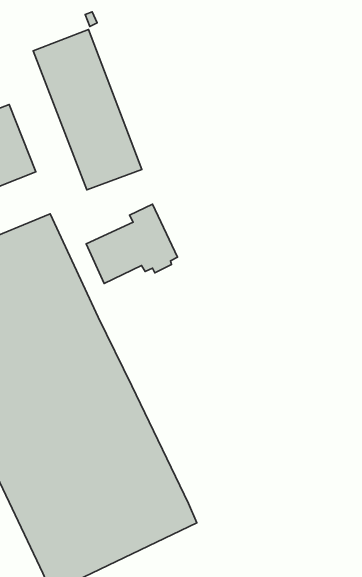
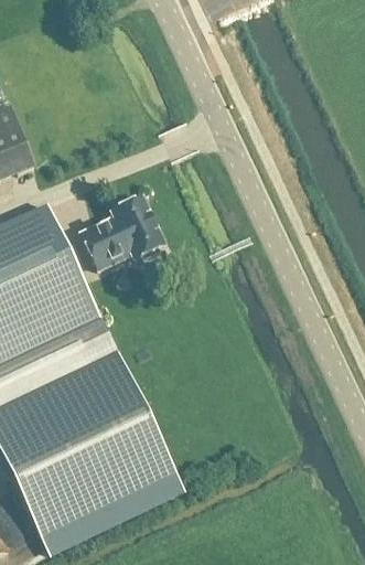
building: [33,30,142,190] -> none

